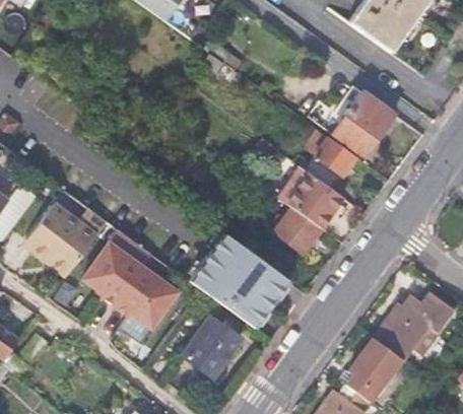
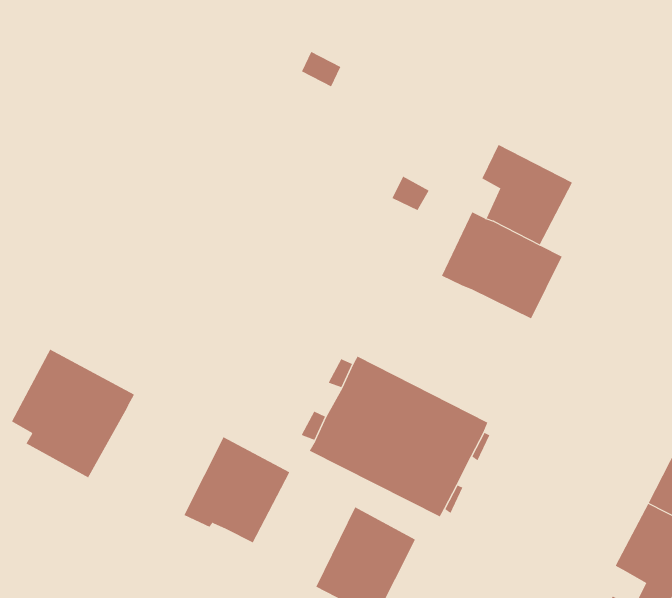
building: [334,92,394,153] -> none
building: [274,207,323,254] -> none
building: [83,242,144,305] -> none

